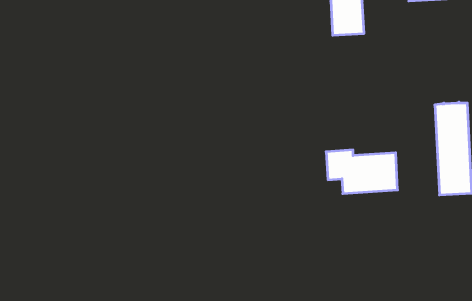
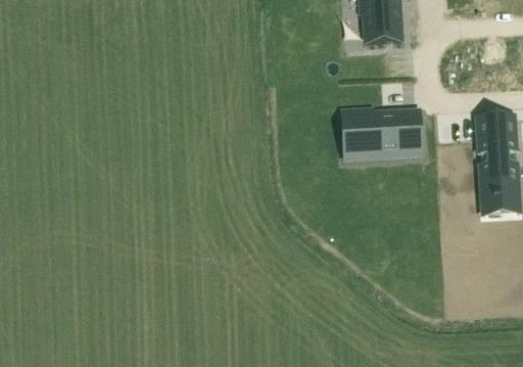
building: [326,150,398,194] -> [342,108,421,156]

